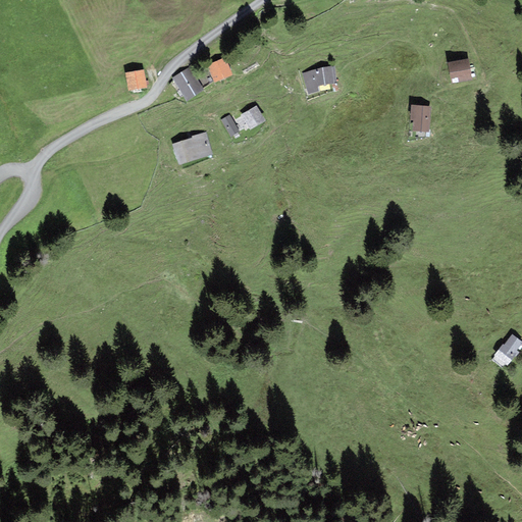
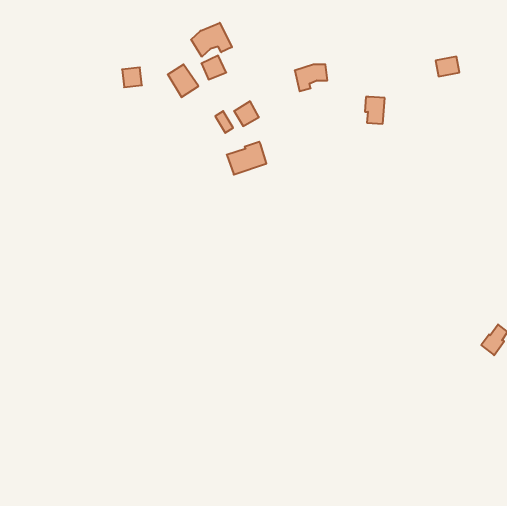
building: none -> [191,23,232,57]
building: [411,104,431,132] -> [365,97,385,124]
building: [172,130,213,164] -> [227,142,266,175]

